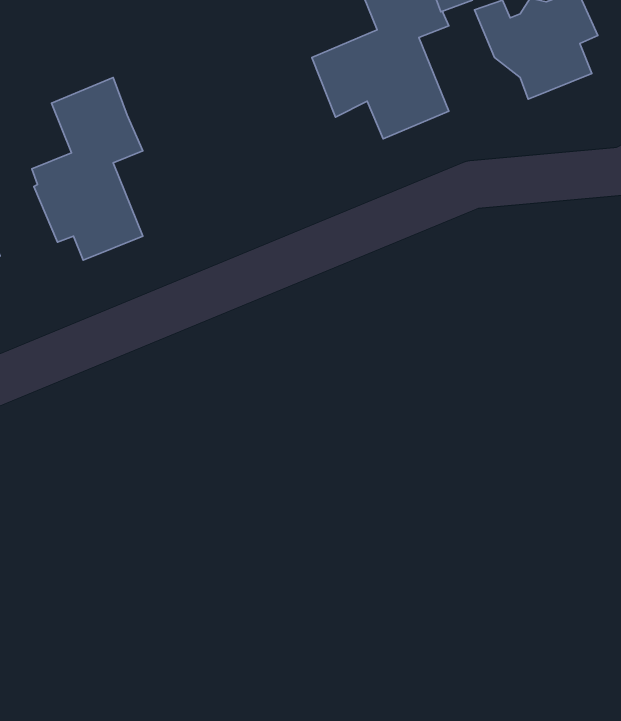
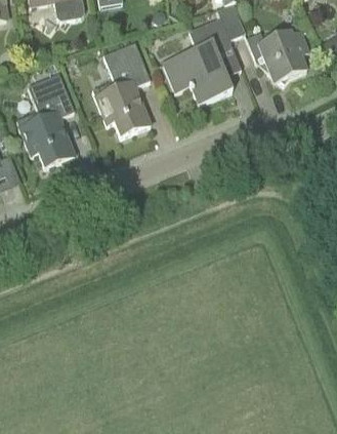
building: none -> [92,42,151,135]

